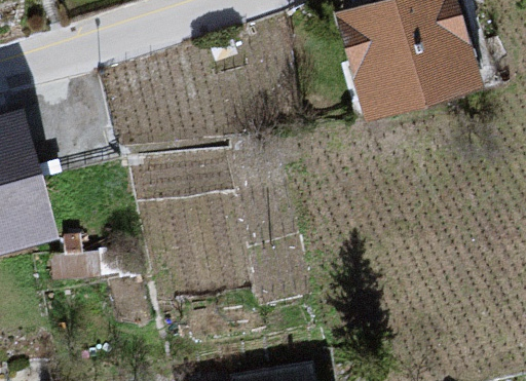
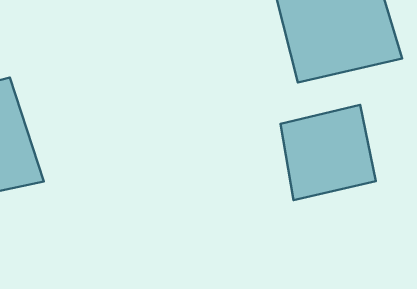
building: none -> [281,105,376,200]

